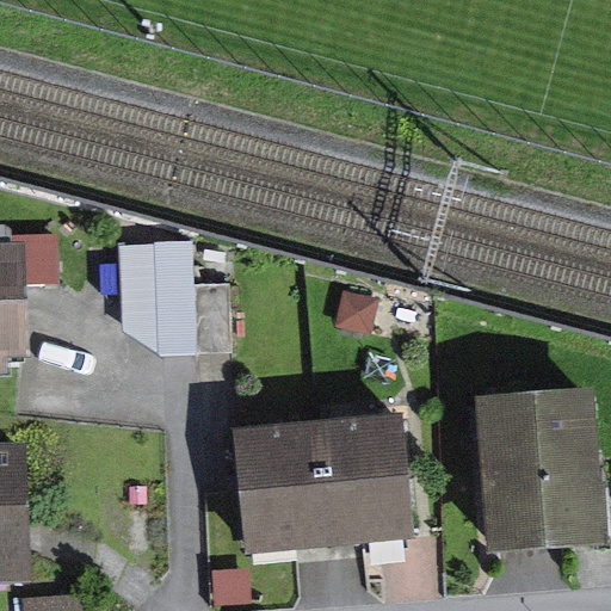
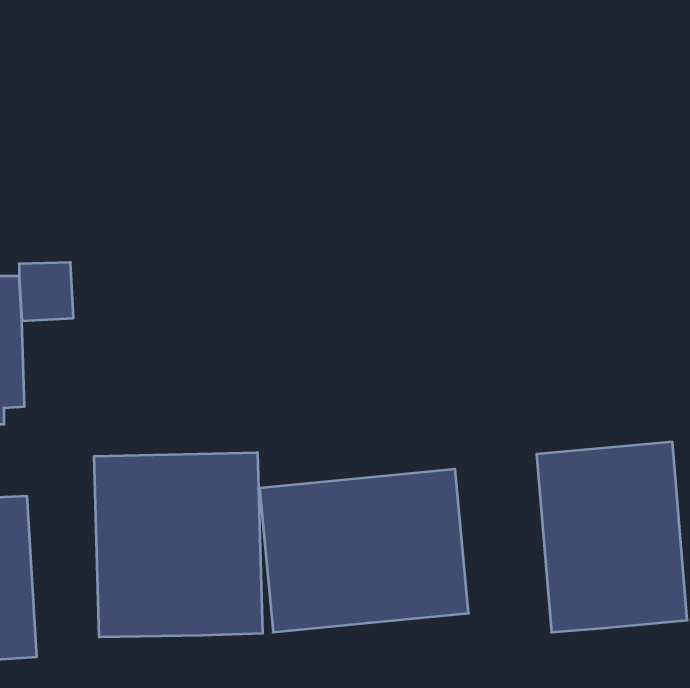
building: [123,241,240,352] -> none
building: none -> [94,452,263,637]

